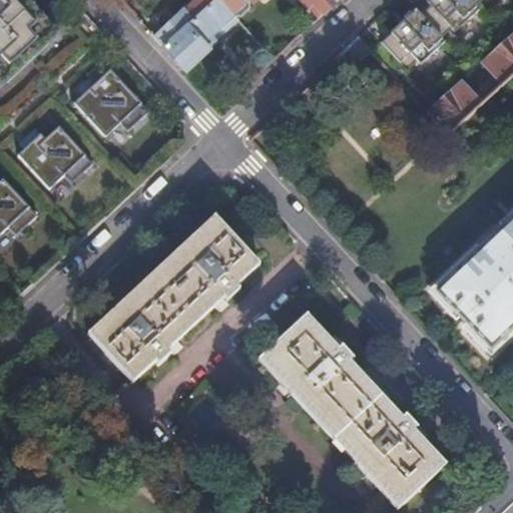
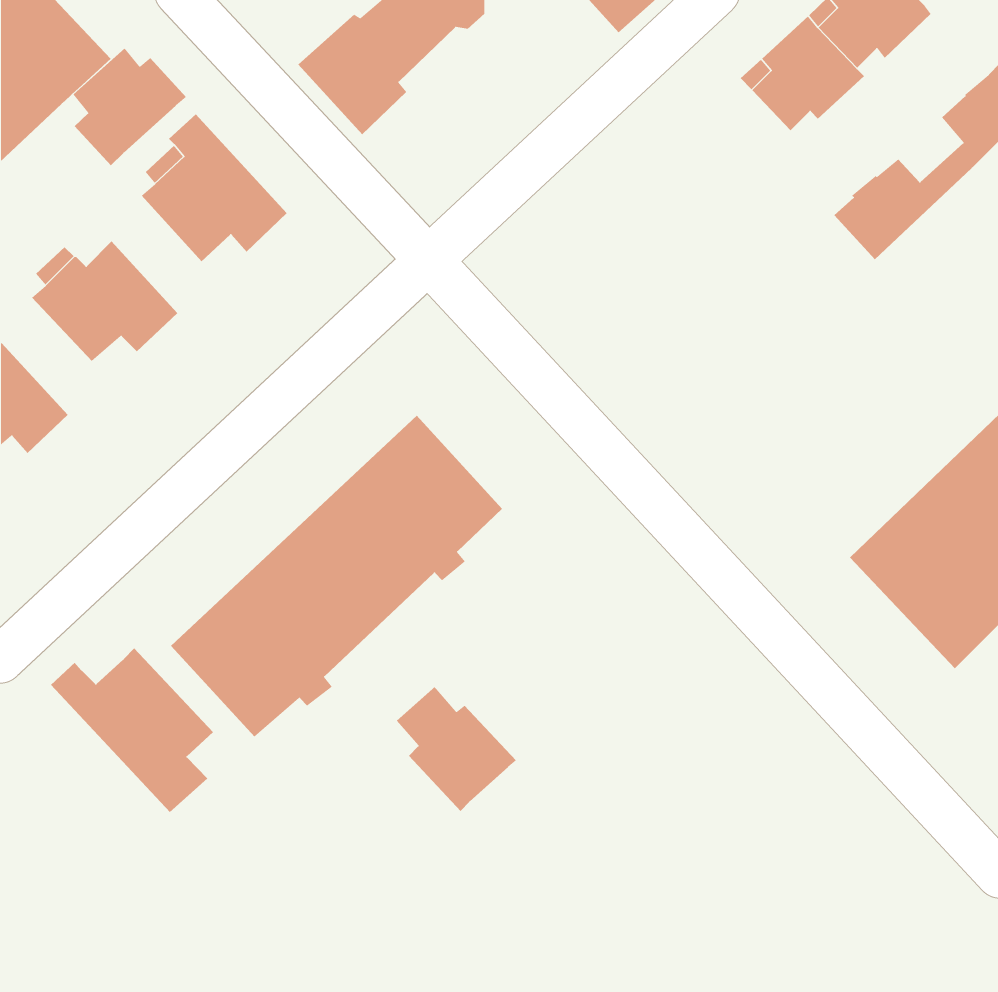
building: none -> [72,48,187,166]
building: [260,315,443,504] -> none
building: none -> [50,647,214,813]
building: none -> [396,686,517,812]

